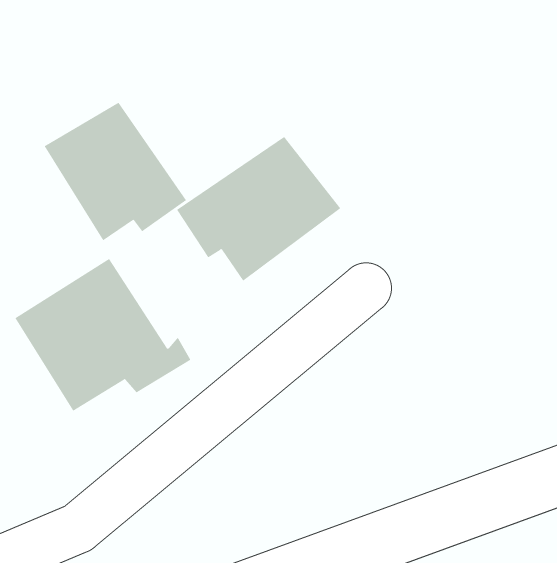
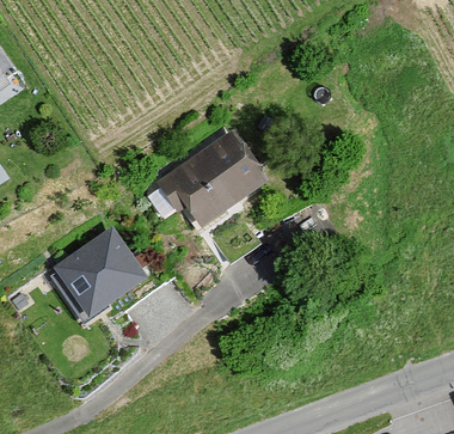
building: [44,102,187,241] -> none

